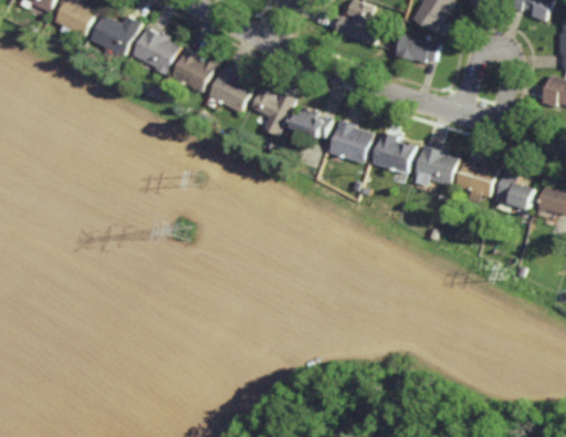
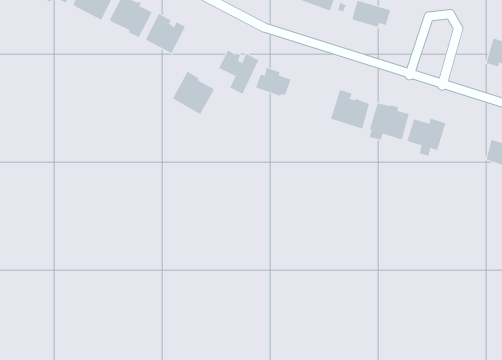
building: [207,65,253,113] -> [172,71,215,115]
building: [328,118,373,163] -> none
building: [496,168,536,210] -> none

